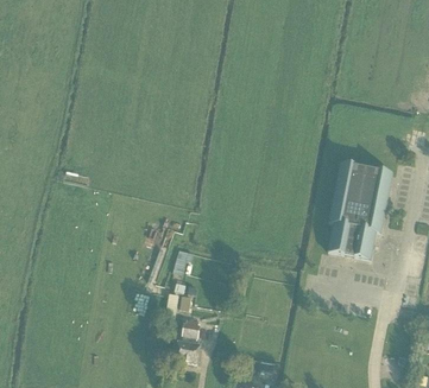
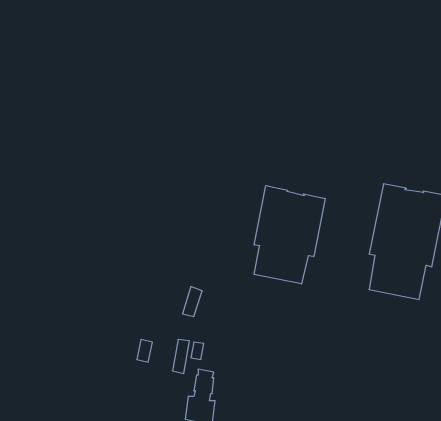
building: none -> [254,186,325,284]

